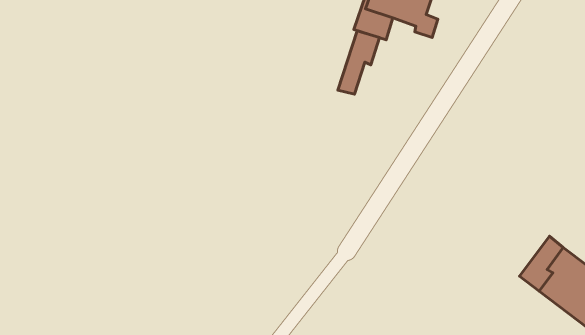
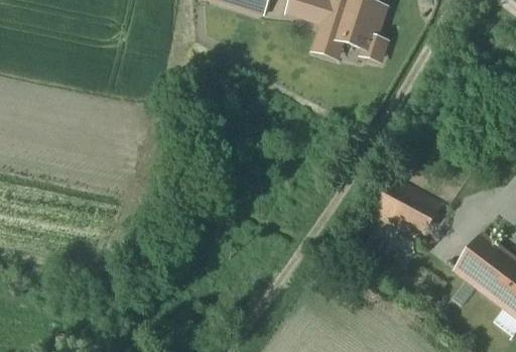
building: [338,31,379,94] -> none
building: none -> [375,175,443,237]

